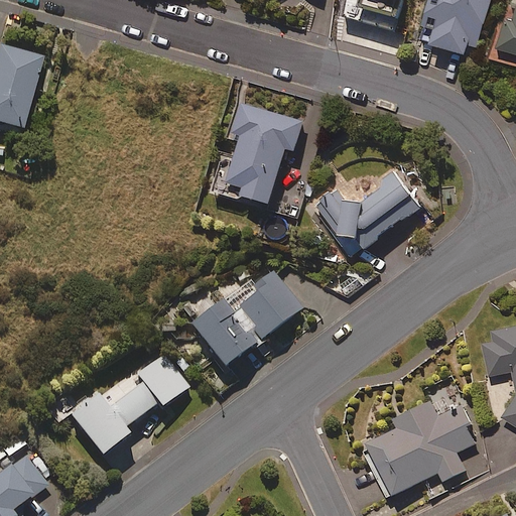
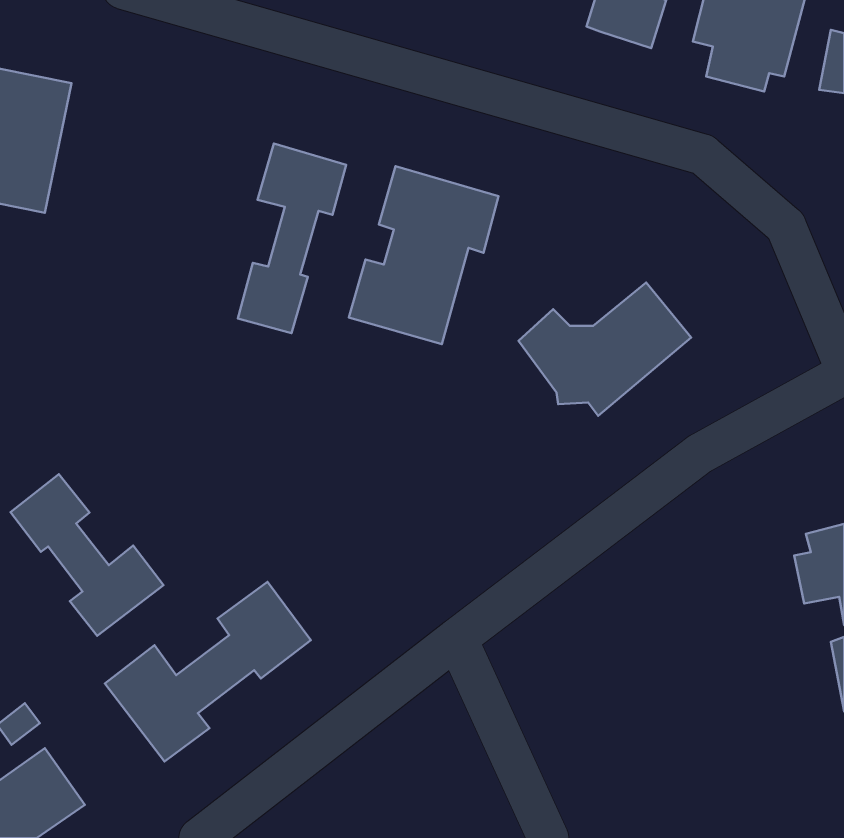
building: none -> [238,144,346,333]
building: [187,268,302,372] -> none
building: none -> [11,474,163,636]
building: [360,389,473,488] -> none

